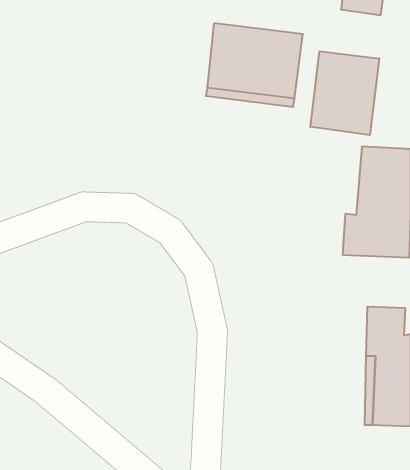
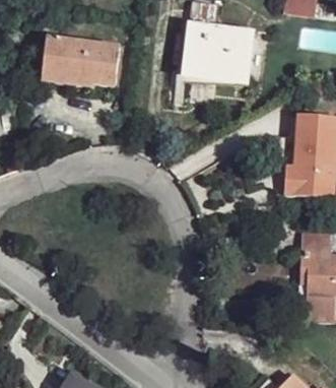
building: none -> [41,37,119,86]
building: [310,51,379,135] -> none

